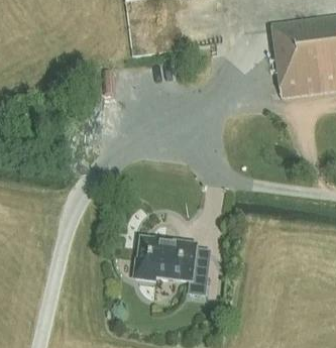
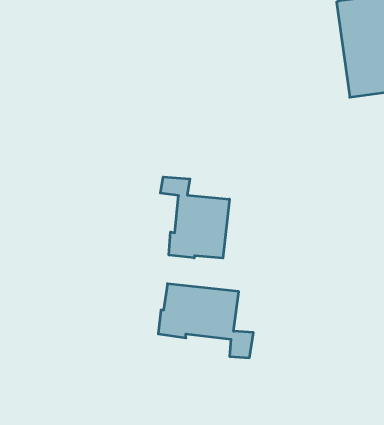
building: none -> [160,177,229,258]

